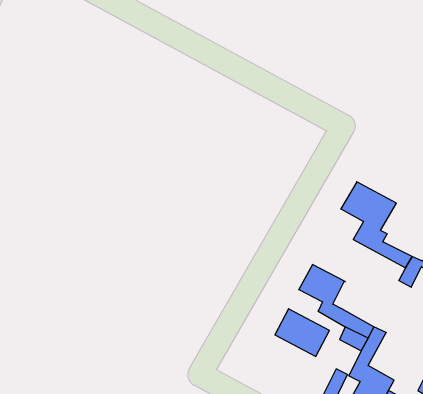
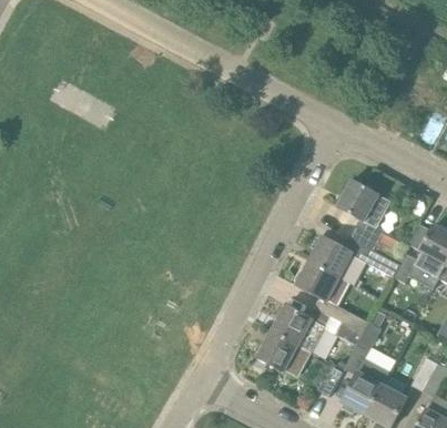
building: none -> [309,236,400,277]
building: none -> [258,329,313,371]

